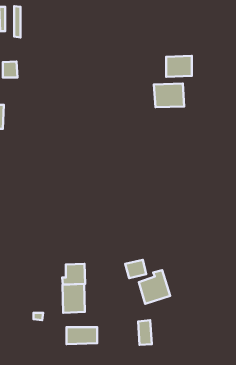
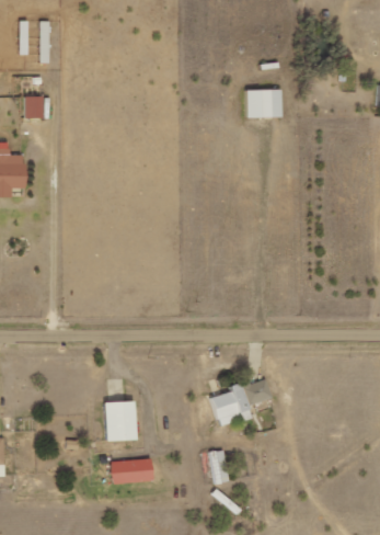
building: [154,83,184,107] -> none
building: [125,260,146,278] -> [244,378,273,403]
building: [62,264,85,284] -> none

